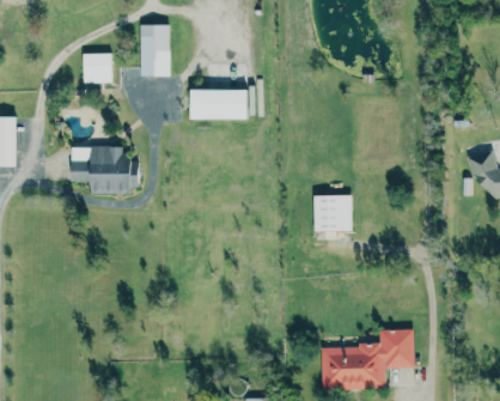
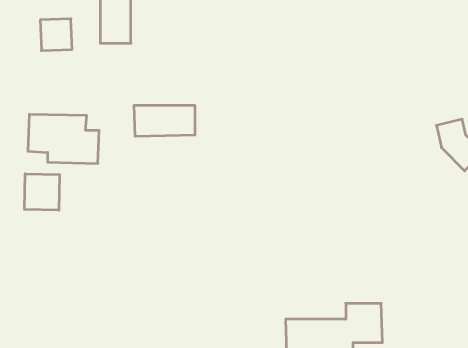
building: [188,89,248,119] -> [134,106,195,136]
building: [313,194,353,231] -> none
building: none -> [24,174,60,210]

